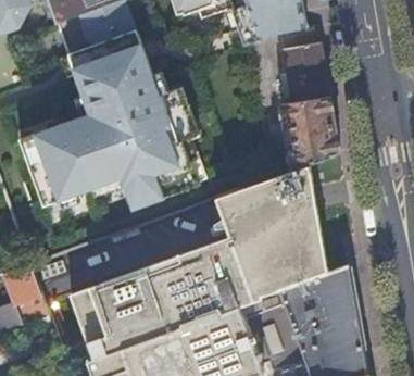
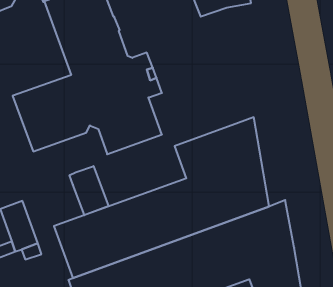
building: [276,40,338,170] -> none
building: none -> [70,166,108,215]

